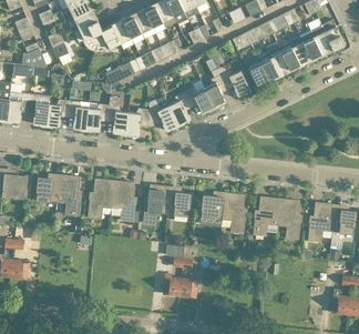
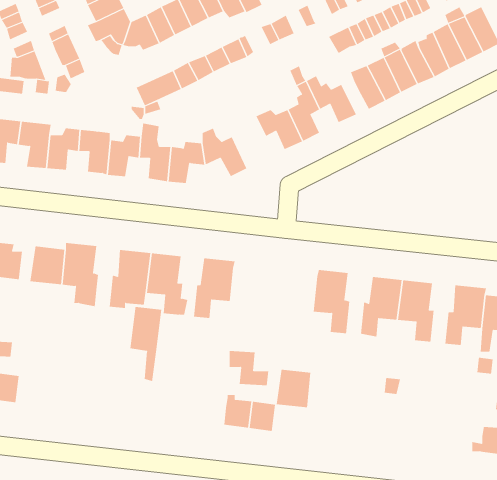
building: [168,91,191,125] -> none
building: [167,191,191,215] -> none
building: [201,194,224,220] -> [276,369,311,408]
building: none -> [130,306,162,382]

